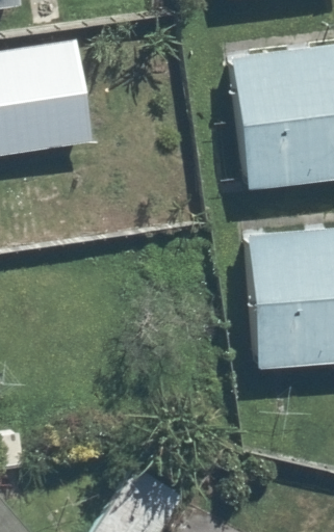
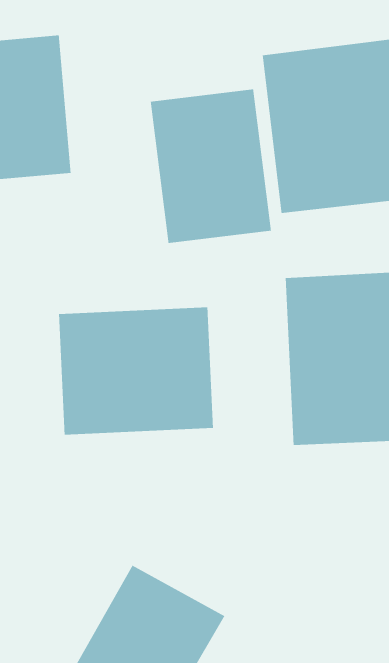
building: none -> [150,88,272,244]
building: none -> [58,307,214,436]

